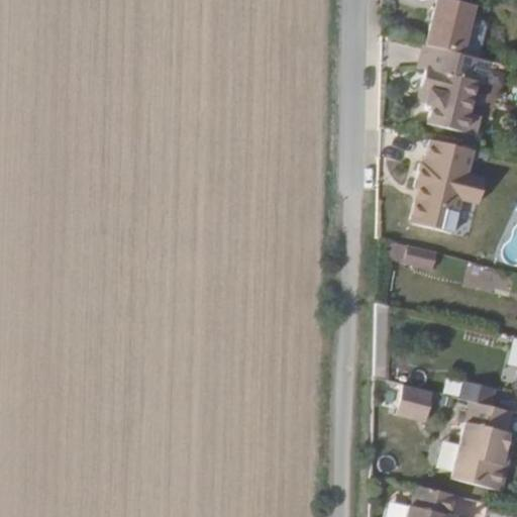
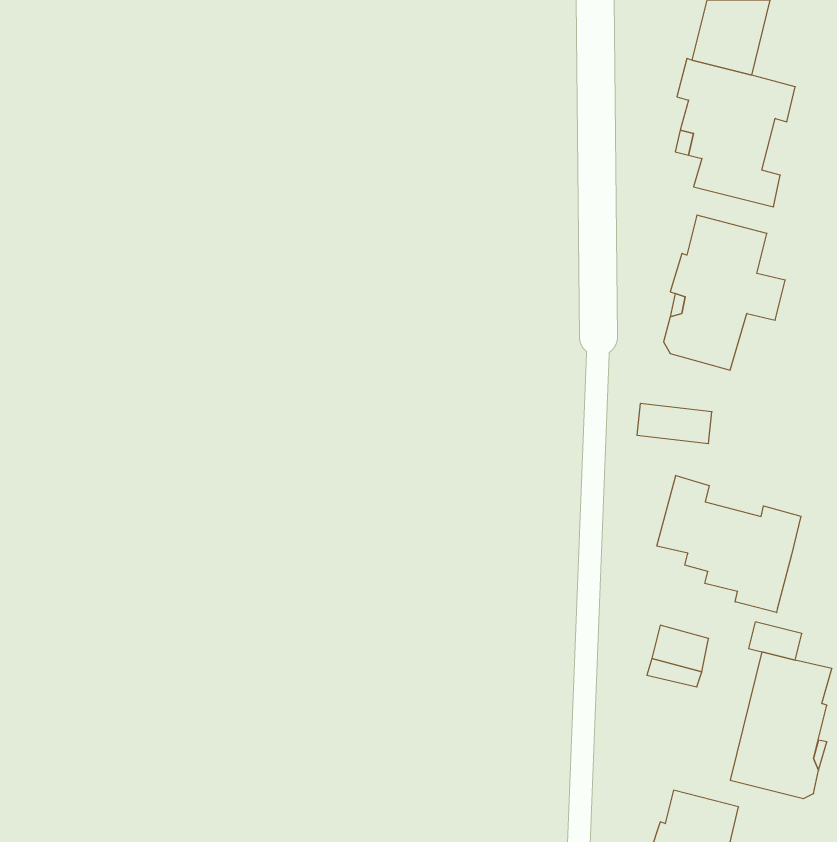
building: none -> [657,475,801,613]

